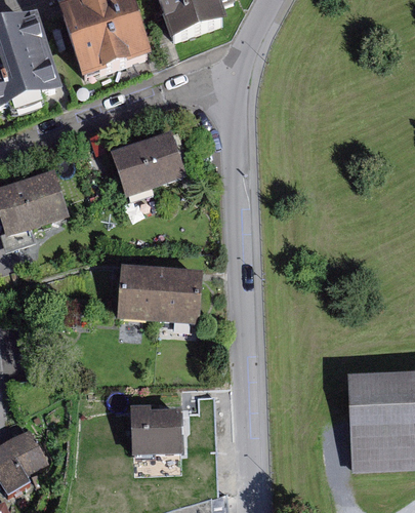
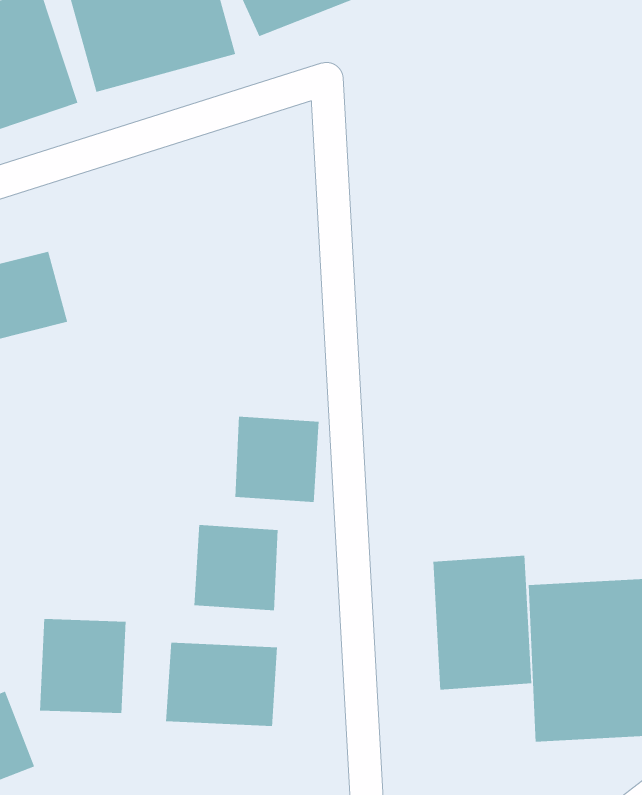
building: [108,133,180,191] -> none
building: [117,267,167,318] -> [193,524,278,611]
building: none -> [433,555,532,691]
building: none -> [39,618,127,714]

